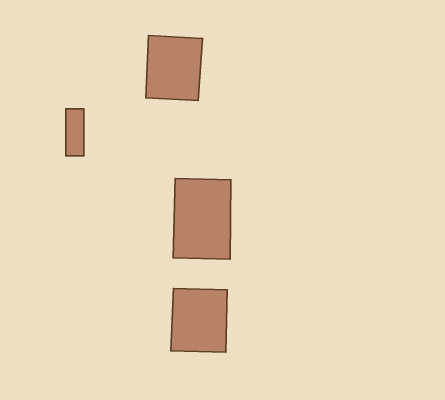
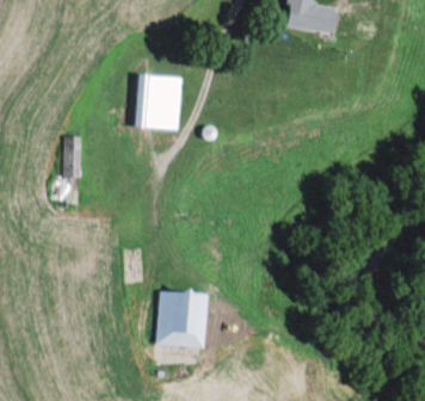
building: [173,179,231,259] -> none

